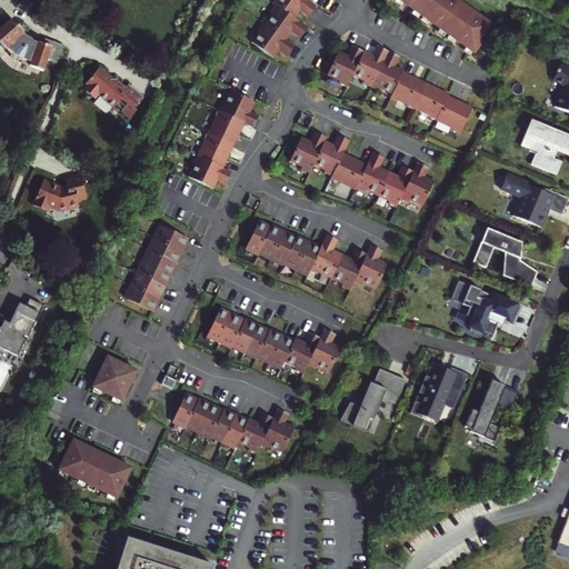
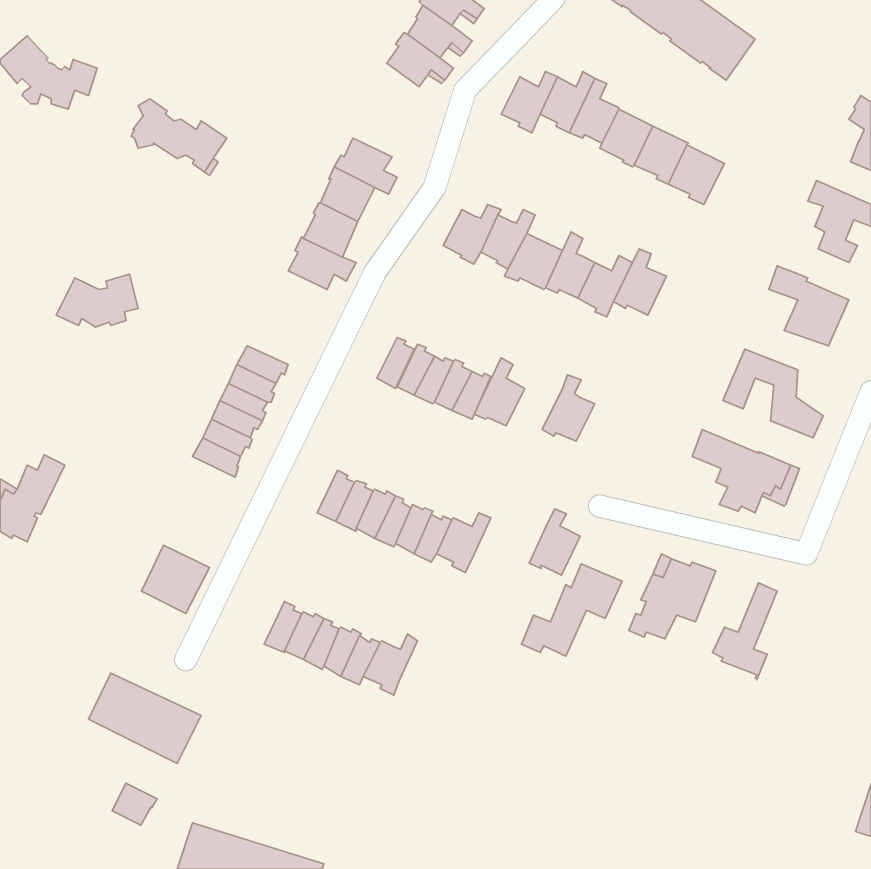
building: [330,250,367,290] -> none
building: [308,329,341,372] -> [529,509,580,575]
building: [260,409,295,452] -> none
building: none -> [112,783,157,825]

